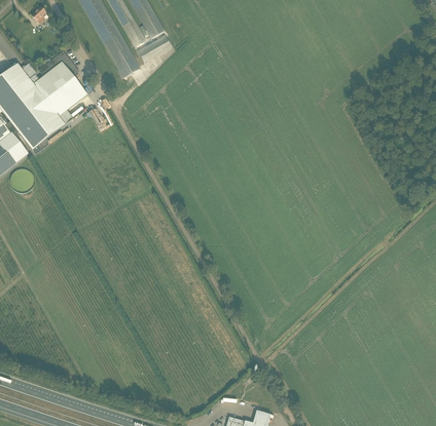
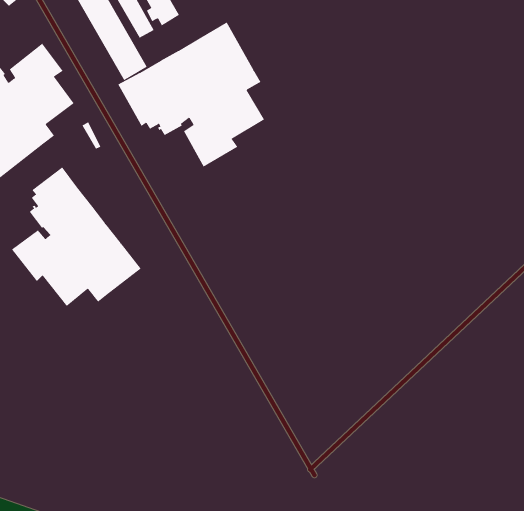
building: none -> [118,22,265,168]
building: none -> [11,166,142,307]

